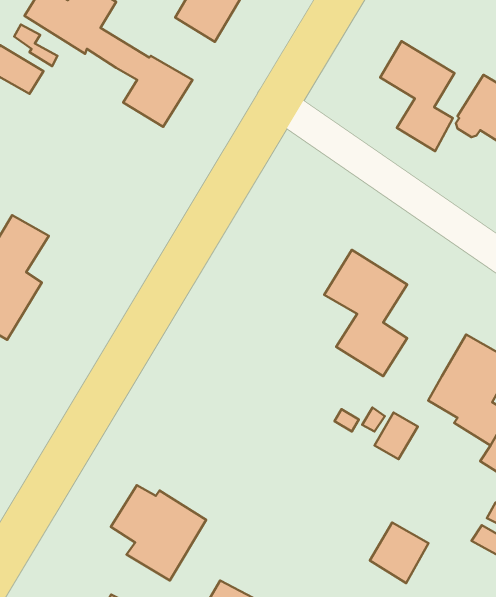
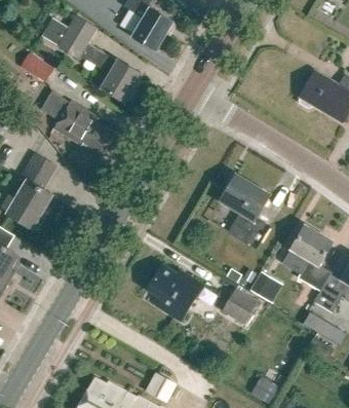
building: [380,41,455,151] -> none
building: none -> [40,90,115,153]
building: [111,485,206,581] -> [147,264,203,321]
building: [370,522,429,583] -> [222,288,257,324]

